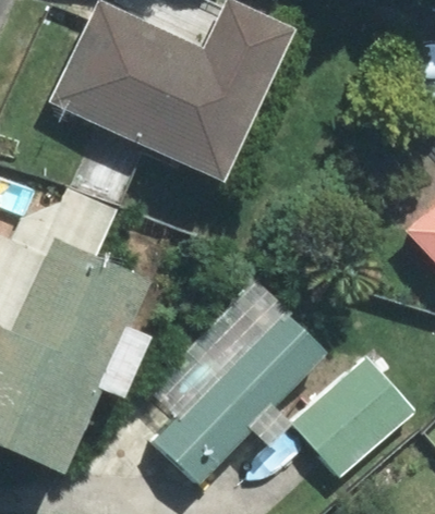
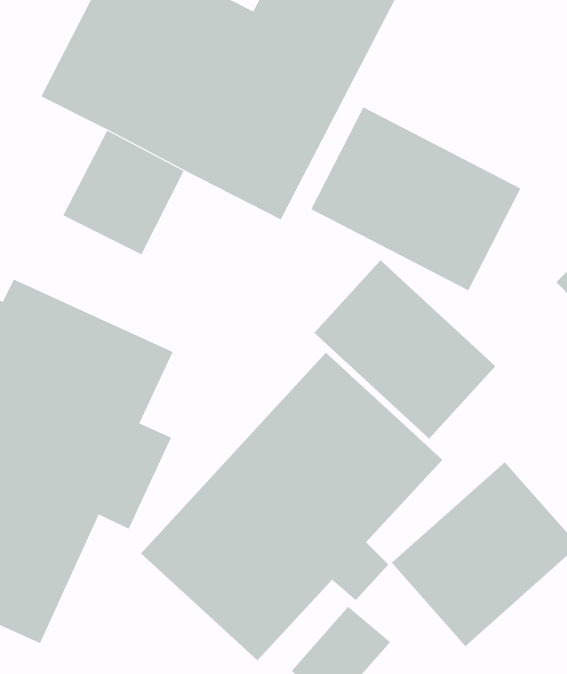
building: none -> [310,107,521,291]
building: none -> [313,260,496,439]

